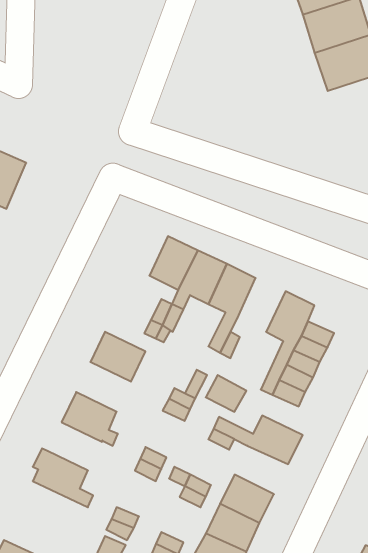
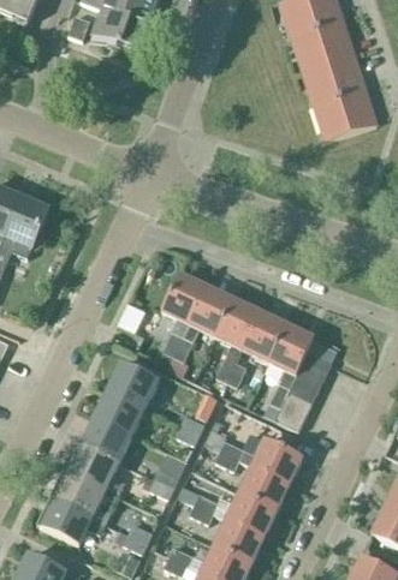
building: none -> [243,311,287,360]
building: none -> [95,388,145,433]
building: none -> [69,443,119,488]
building: none -> [240,465,290,509]
building: none -> [37,497,106,543]

